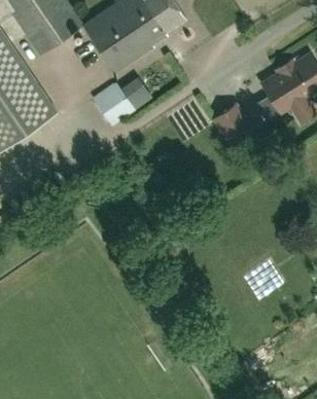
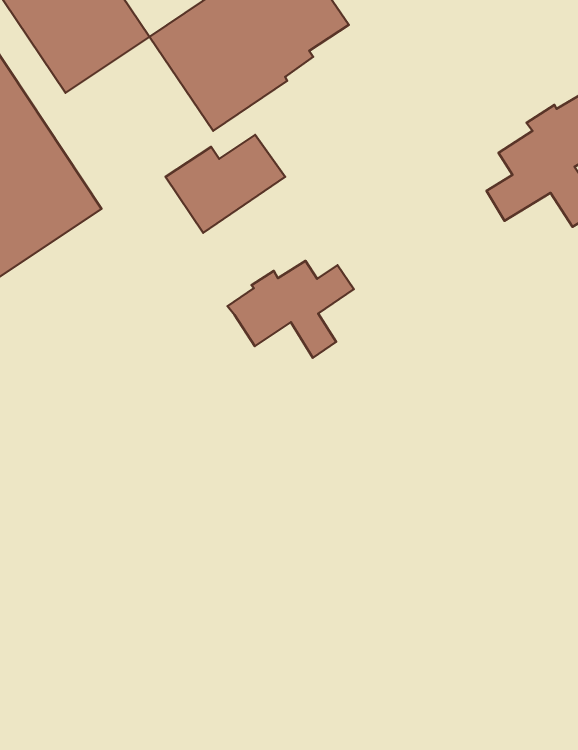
building: [213,105,255,148] -> none
building: none -> [228,261,354,358]

